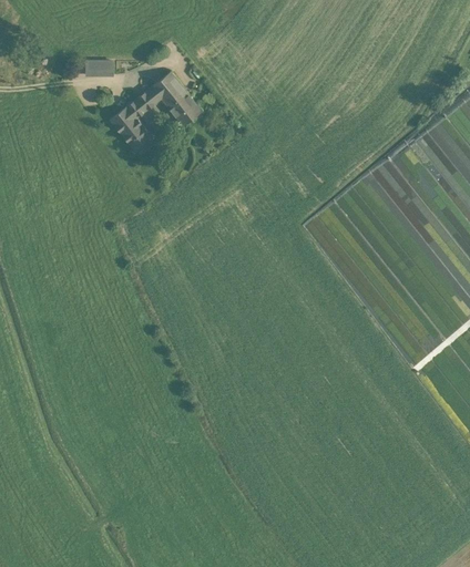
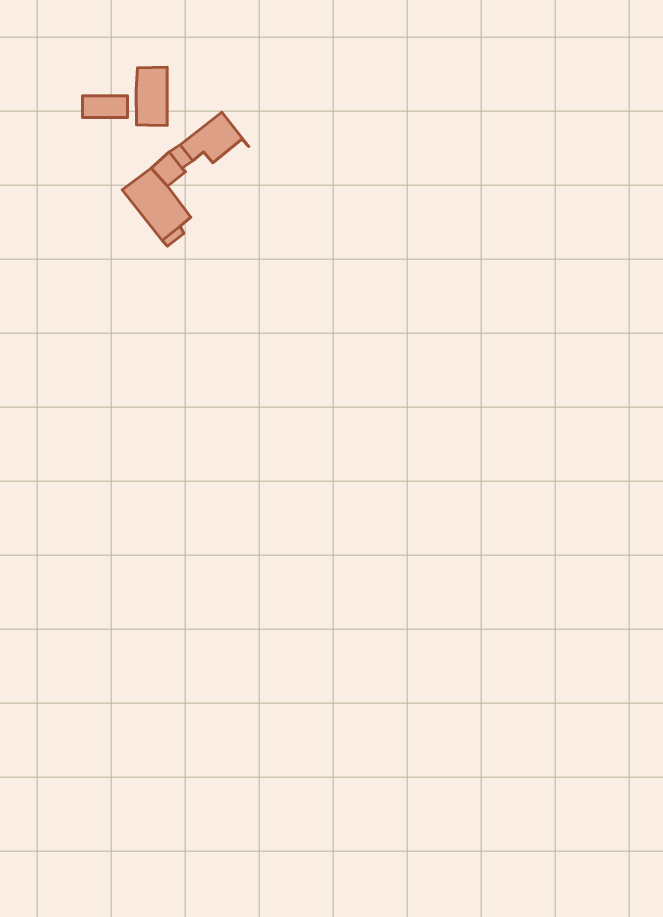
building: none -> [136,67,167,125]
building: [164,89,201,126] -> none

